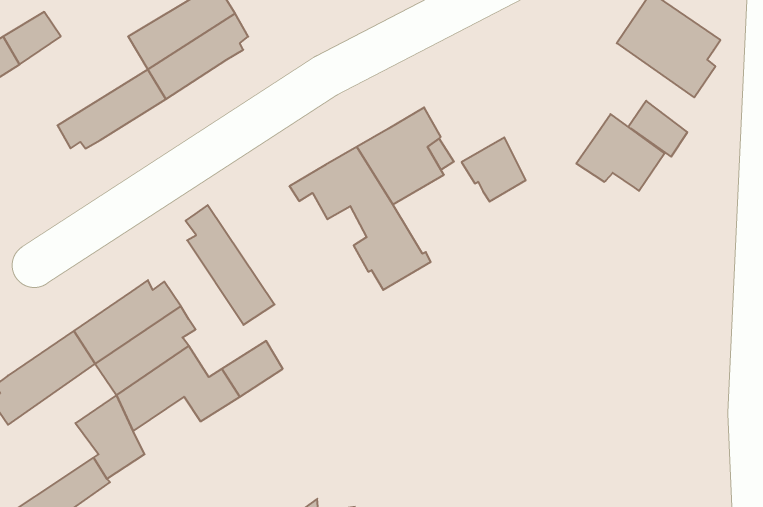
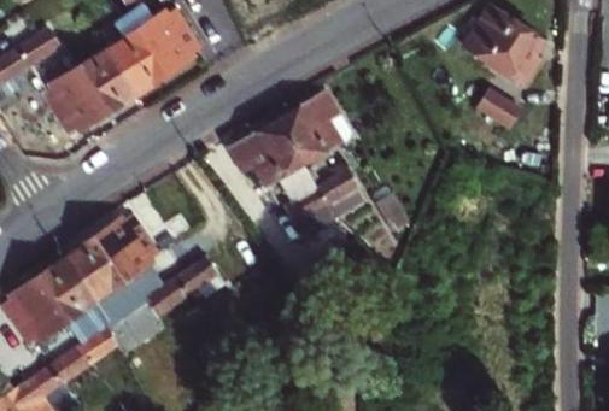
building: none -> [46,42,123,107]
building: [576,114,665,191] -> none
building: [462,137,526,202] -> [315,168,362,215]
building: [186,205,275,325] -> none
building: none -> [21,282,100,344]

